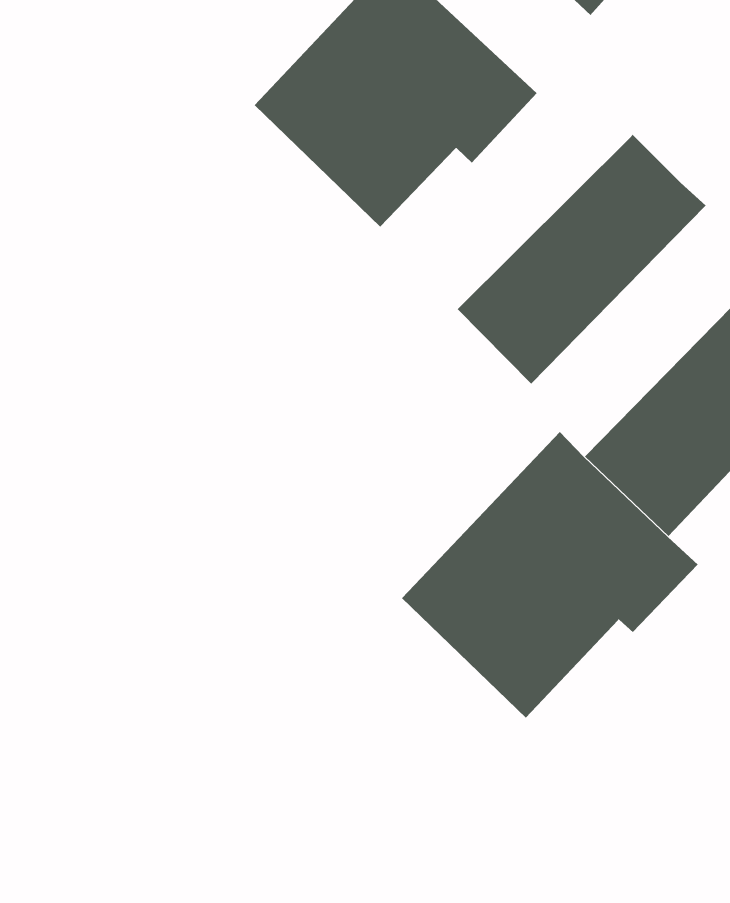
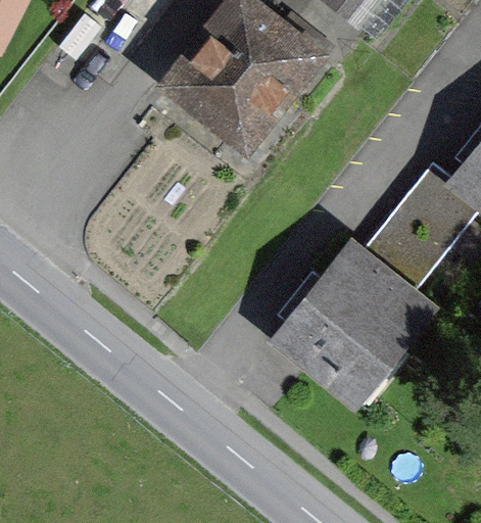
building: [457,134,707,385] -> none

